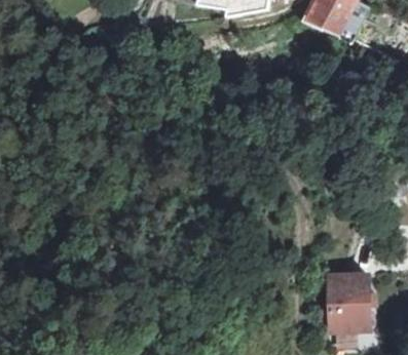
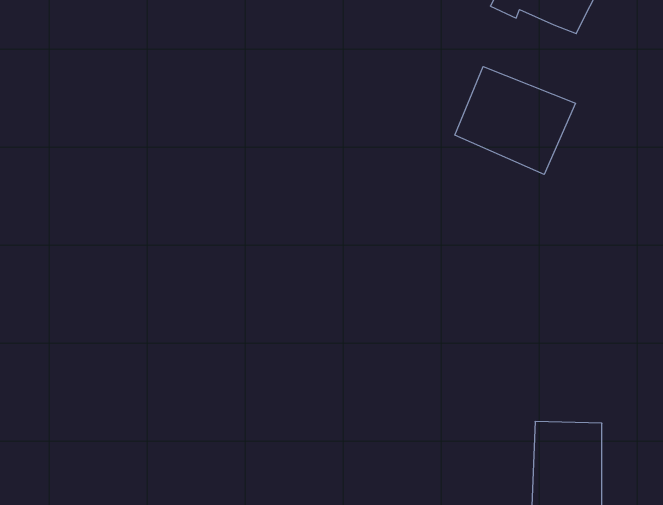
building: none -> [455,67,576,174]

